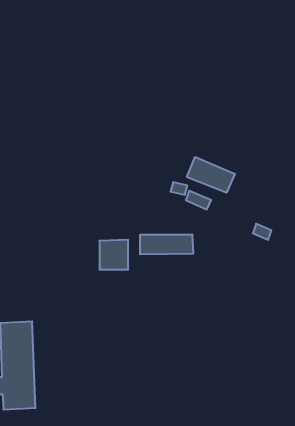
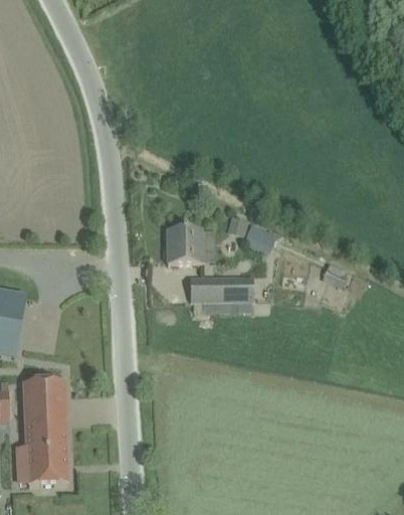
building: [187,157,235,193] -> none
building: [99,240,128,270] -> [168,229,202,265]

